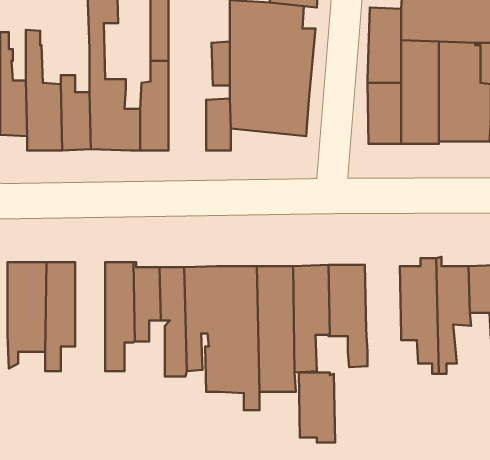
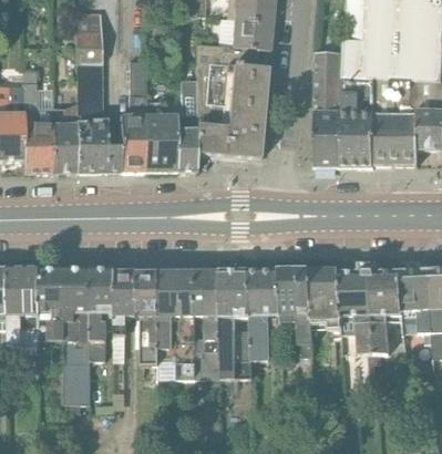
building: none -> [145,101,177,171]
building: none -> [64,266,91,400]
building: [299,373,335,443] -> [312,268,343,328]

